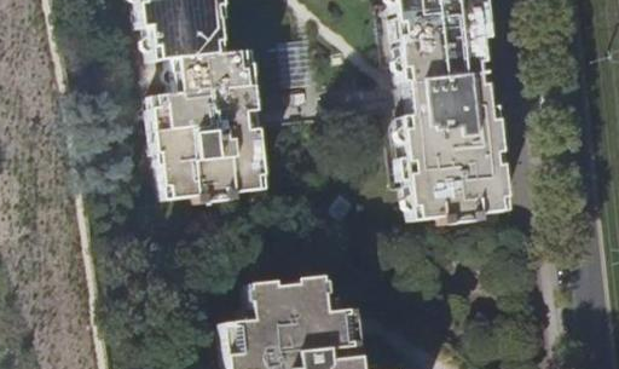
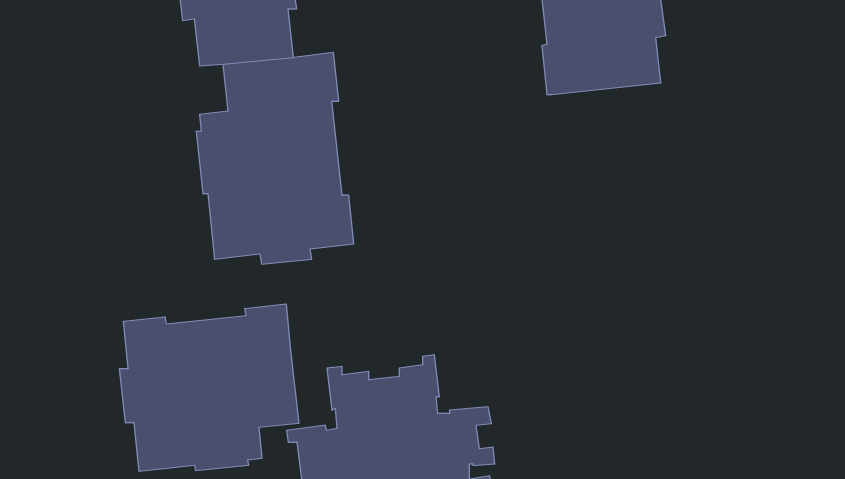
building: [401,73,507,224] -> none
building: none -> [120,304,299,472]

